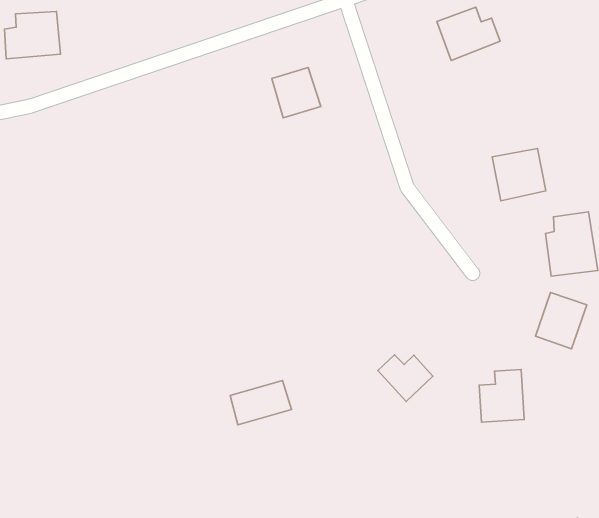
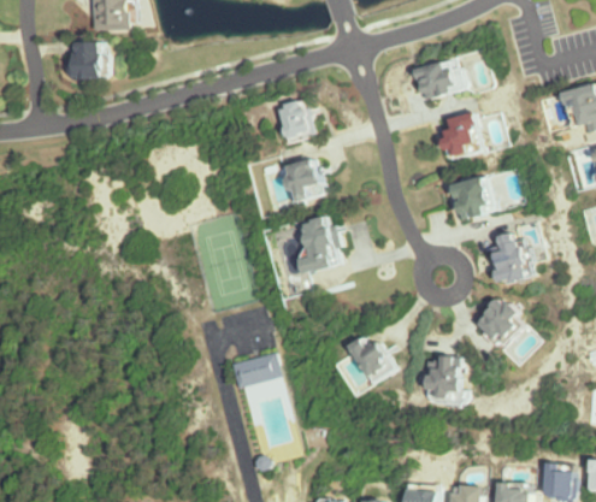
building: none -> [443,114,480,156]
building: none -> [287,161,323,200]
building: none -> [294,215,341,273]

